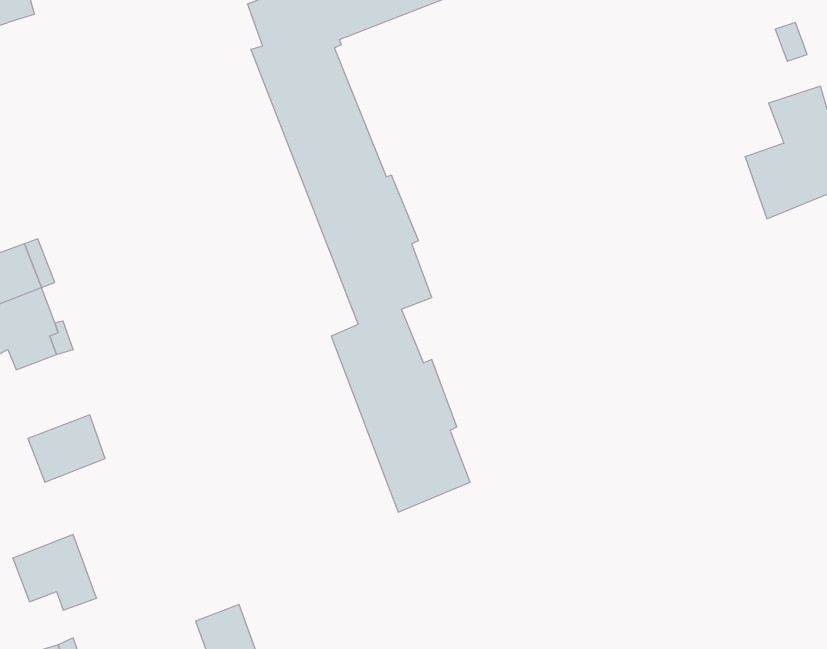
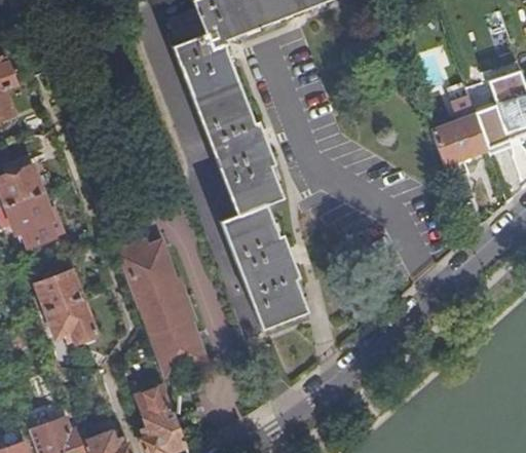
building: none -> [434,83,488,181]
building: none -> [120,241,206,376]
building: [13,535,97,610] -> [45,297,97,343]

